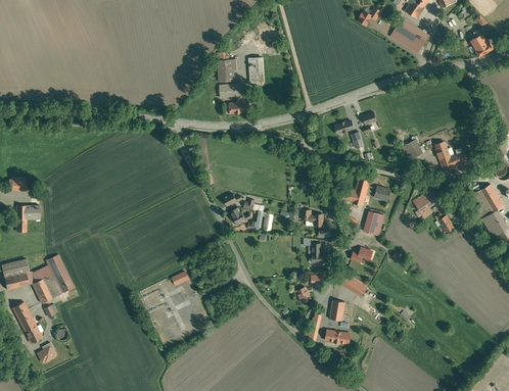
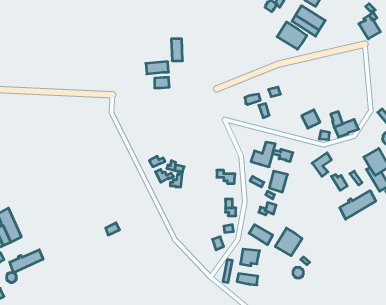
building: none -> [277,22,307,49]
building: [218,59,236,82] -> none
building: none -> [340,191,376,219]
building: none -> [275,228,302,256]
building: none -> [10,250,43,273]

